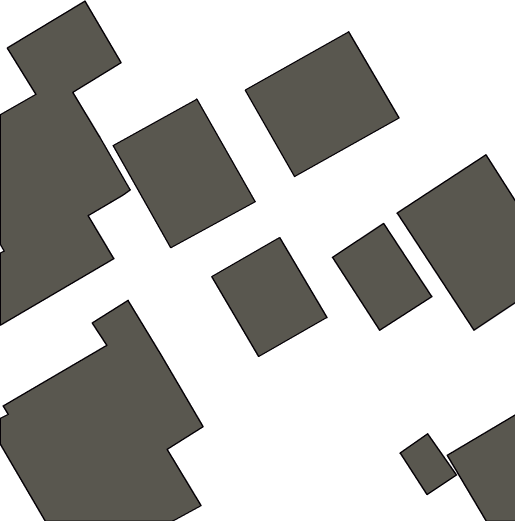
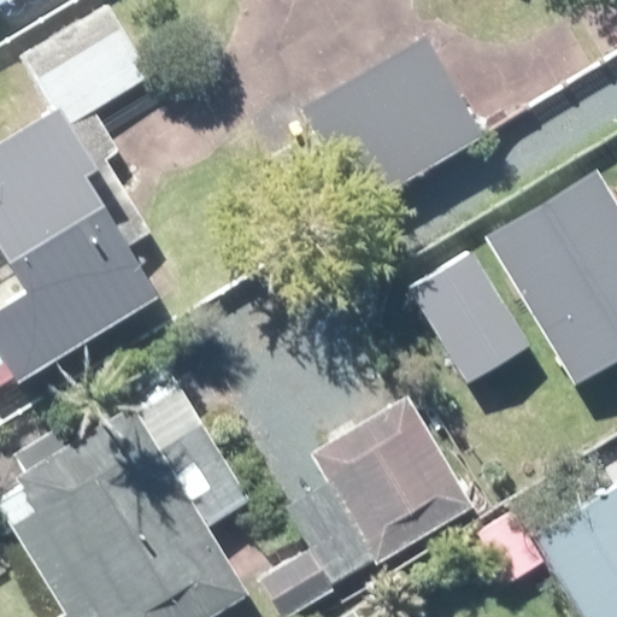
building: [113,99,255,248] -> none
building: [212,238,327,356] -> none
building: none -> [312,394,481,566]

